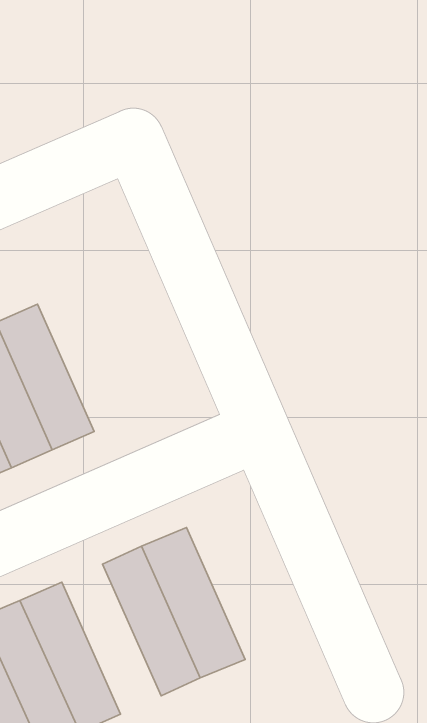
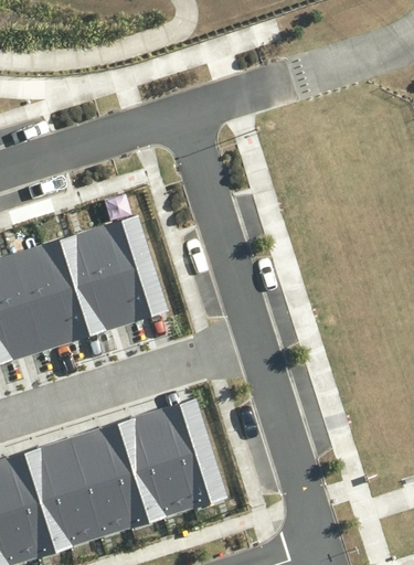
building: none -> [89,220,151,326]
building: none -> [85,423,148,533]

